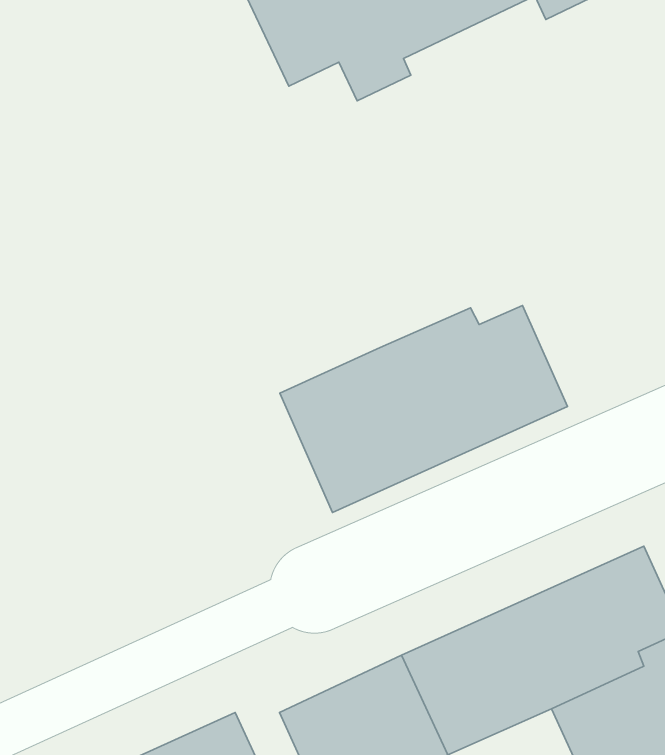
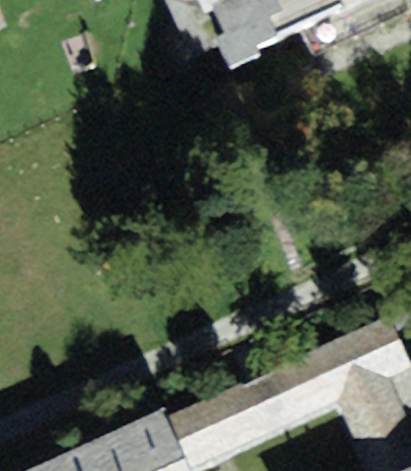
building: [280,305,568,512] -> none

